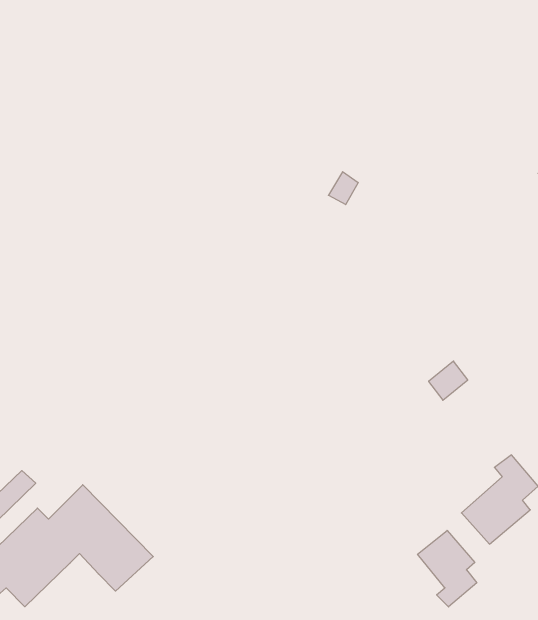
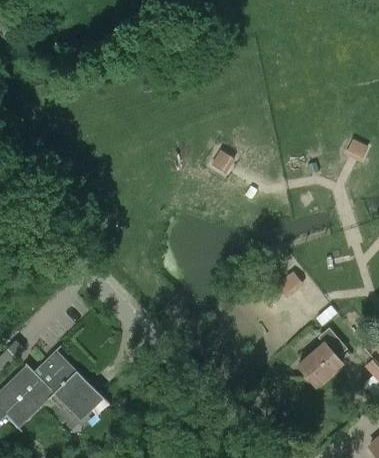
building: [418,530,477,607] -> none

